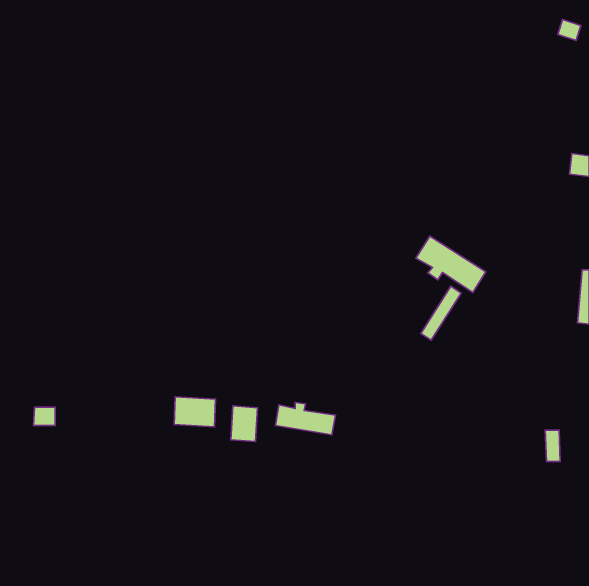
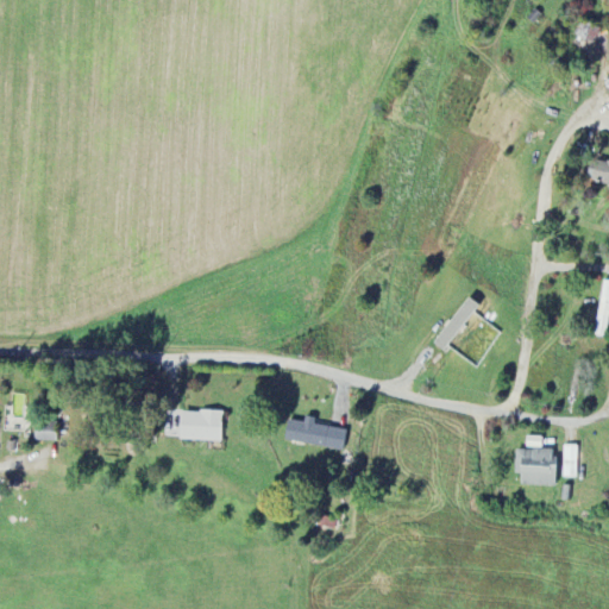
building: [416,236,486,293] -> none
building: [231,406,257,442] -> none
building: none -> [515,447,555,484]

